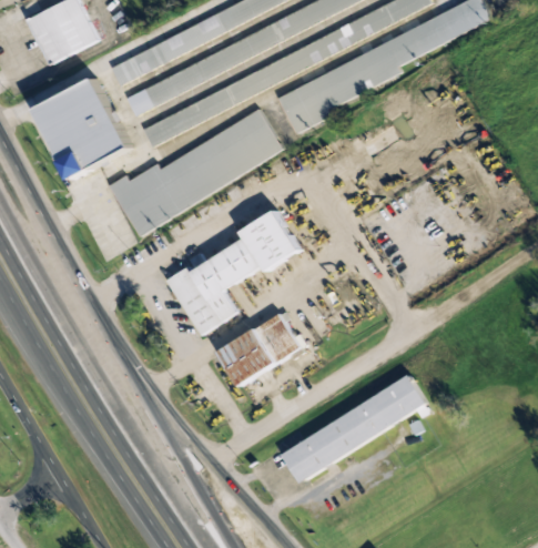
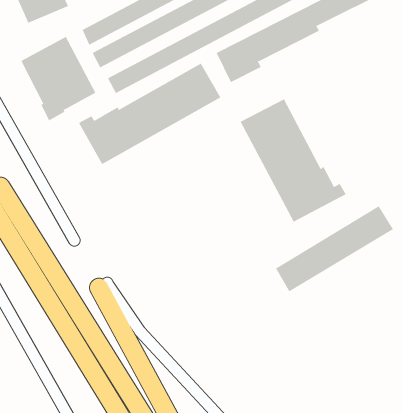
building: none -> [240,99,346,222]
building: [169,210,300,335] -> none
building: [220,314,302,383] -> none
building: [282,375,426,480] -> [275,205,394,292]

